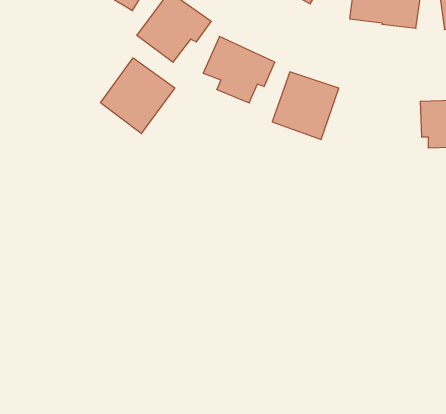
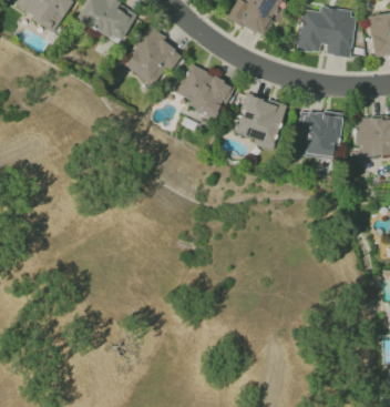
building: [100,58,175,134] -> none
building: none -> [298,111,342,156]

